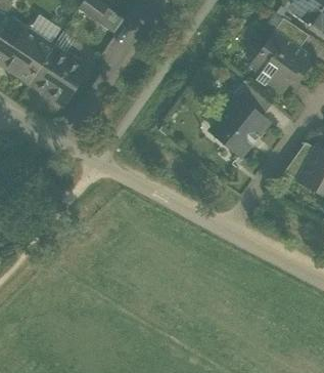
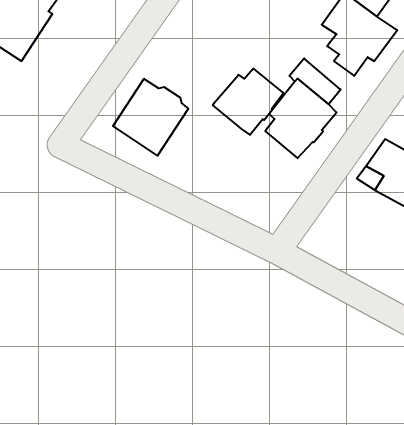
building: [30,48,87,107] -> [113,79,188,156]
building: none -> [213,69,283,135]

